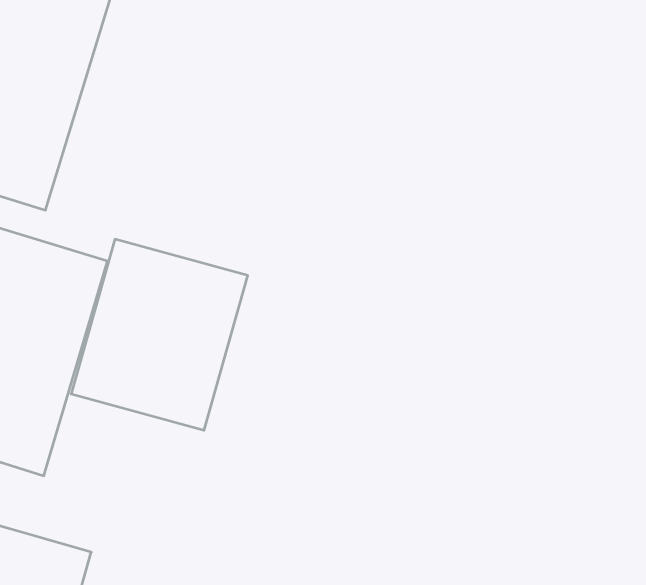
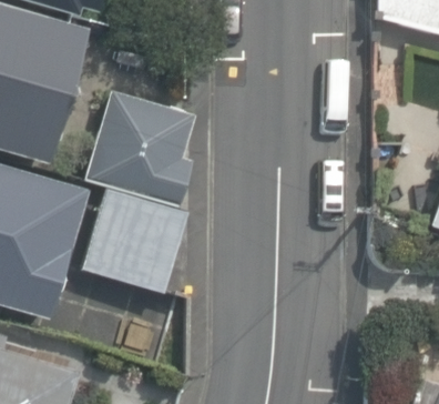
building: none -> [89,92,194,202]

